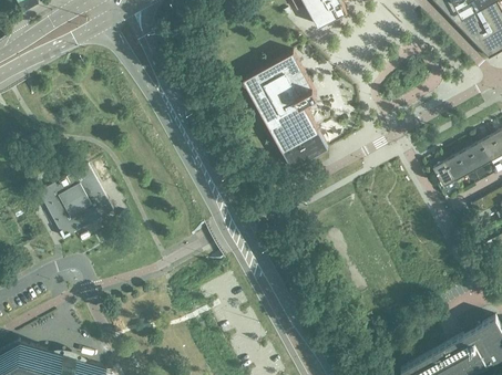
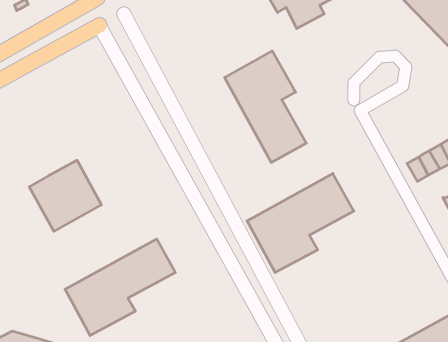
building: none -> [247,173,354,273]
building: none -> [65,239,175,336]

